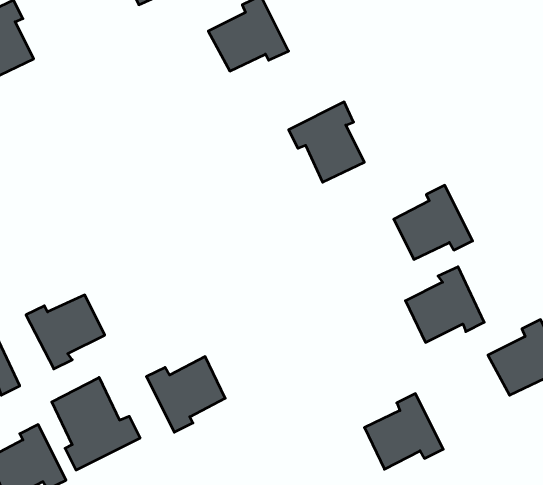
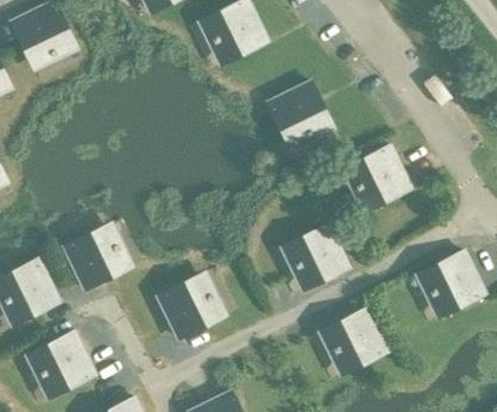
building: [405,267,484,342] -> [288,225,349,283]
building: [52,377,140,470] -> none

